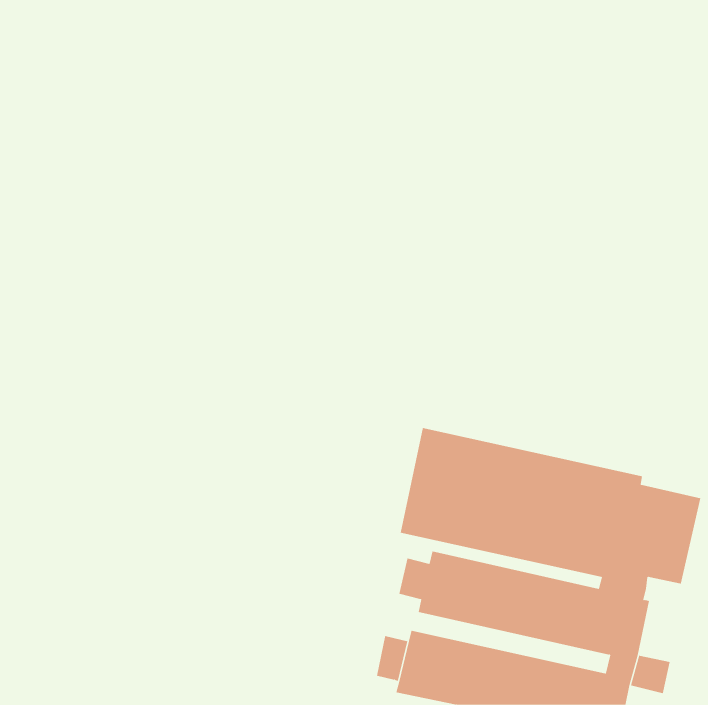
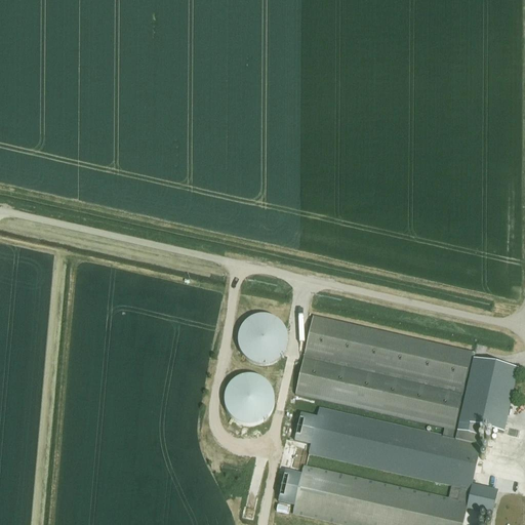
building: none -> [235,313,286,364]
building: none -> [223,373,275,425]

